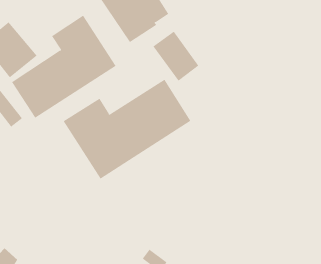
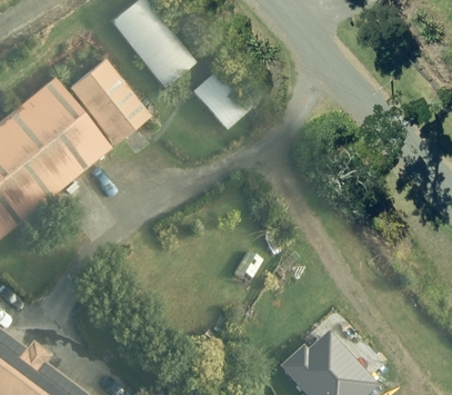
building: [63,79,191,179] -> none

